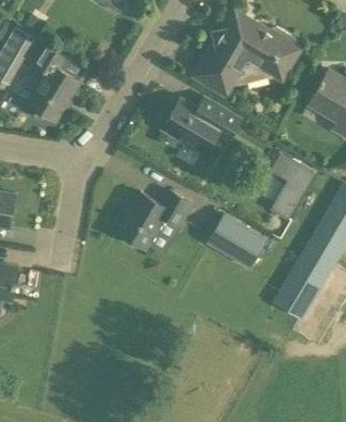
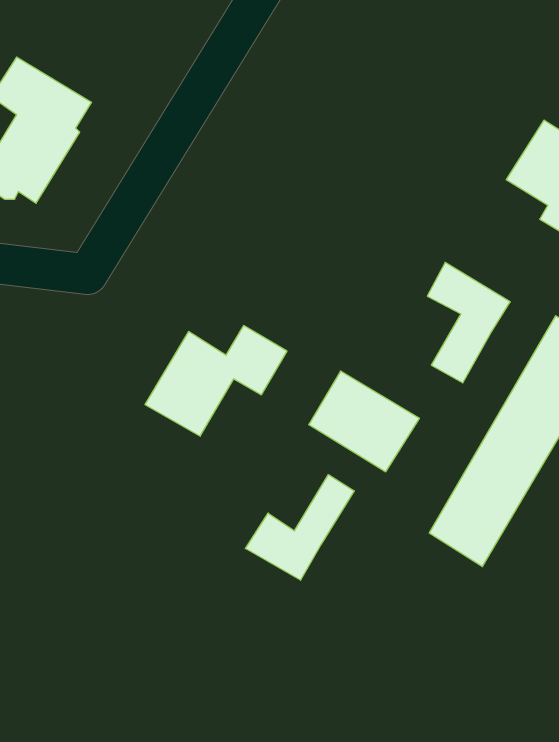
building: [194,17,294,94] -> none
building: [162,96,240,153] -> none
building: none -> [245,475,354,580]

